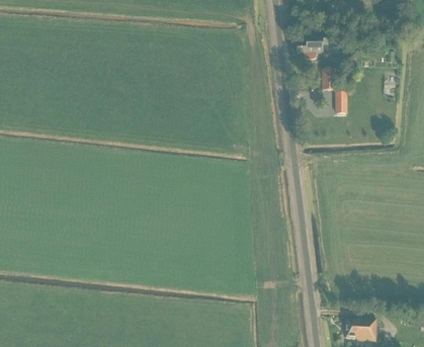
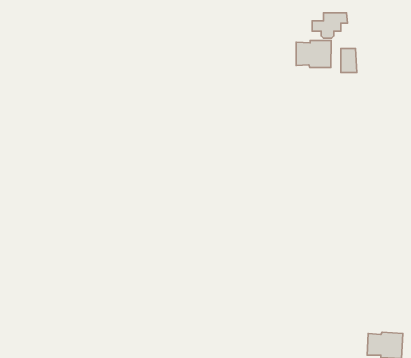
building: none -> [296,41,331,67]

